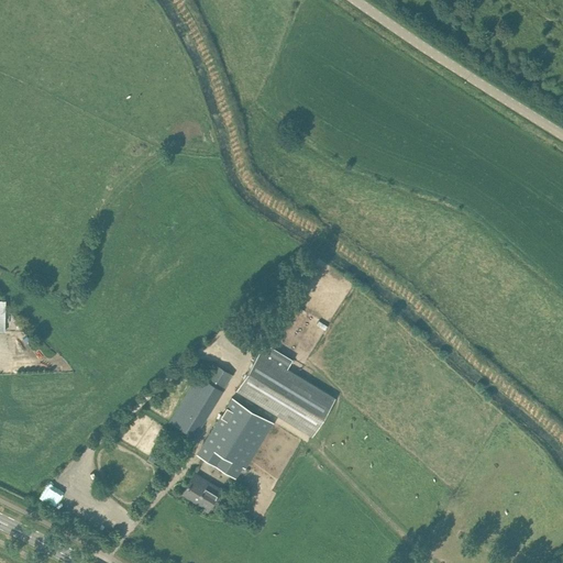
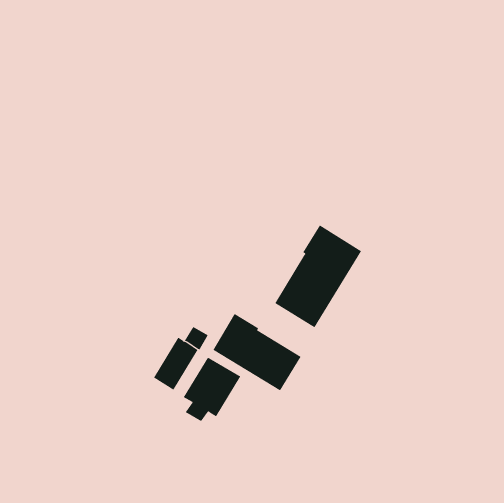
building: none -> [275,225,362,328]
building: [184,475,221,511] -> none

